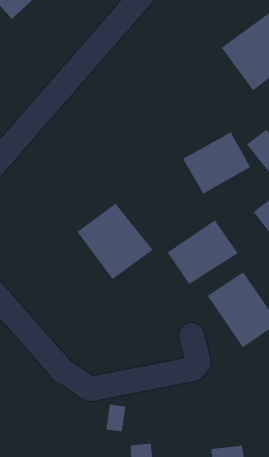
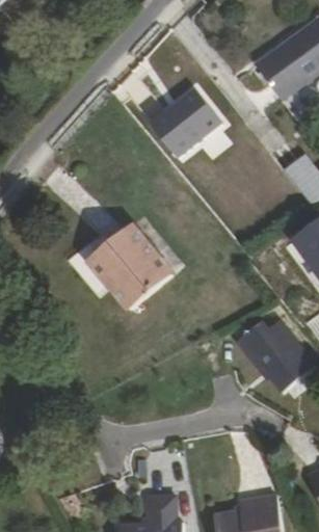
building: [182,132,251,194] -> [145,86,221,156]
building: [167,220,239,285] -> none

